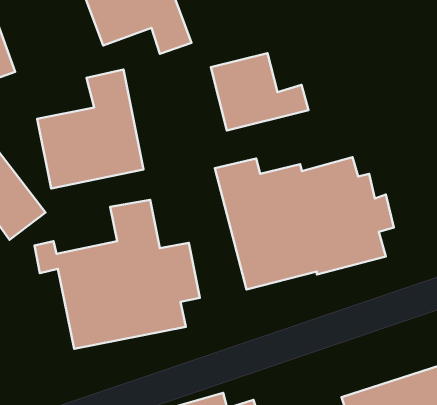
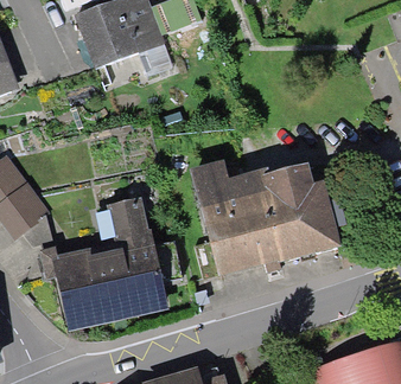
building: [211,53,309,131] -> none
building: [37,70,144,188] -> none

